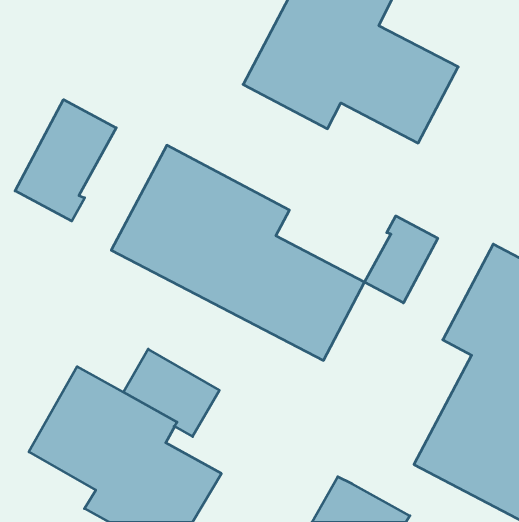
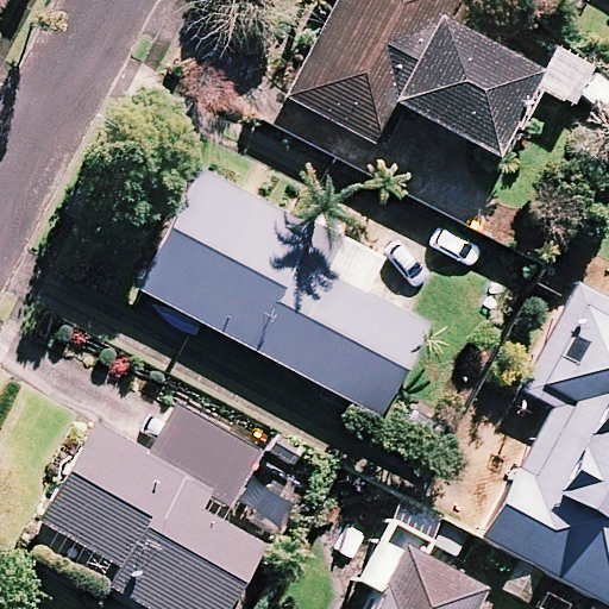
building: [15,100,116,221] -> none
building: [365,216,438,303] -> none

